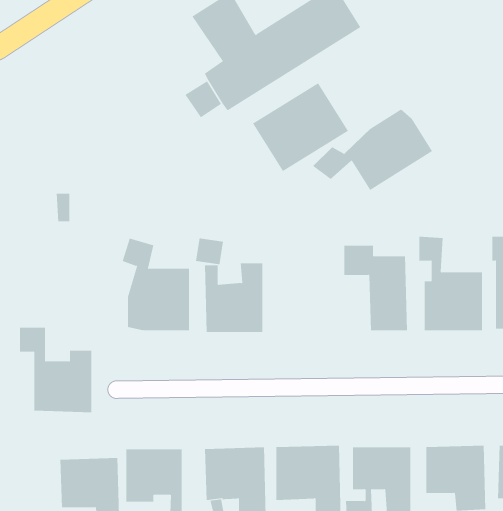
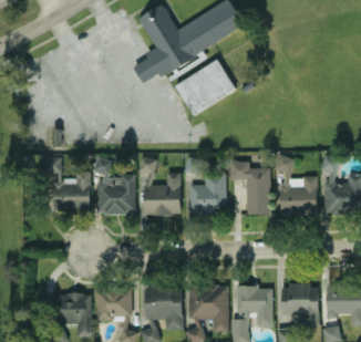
building: [312,109,433,191] -> none
building: none -> [189,172,226,214]
building: [19,327,92,413] -> [44,157,90,210]

